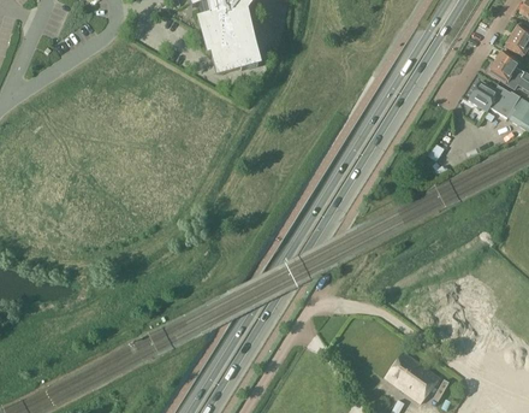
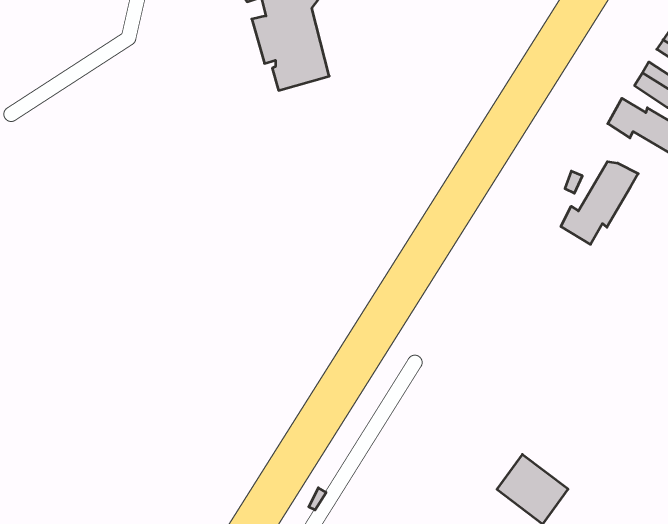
building: none -> [561,162,638,244]

